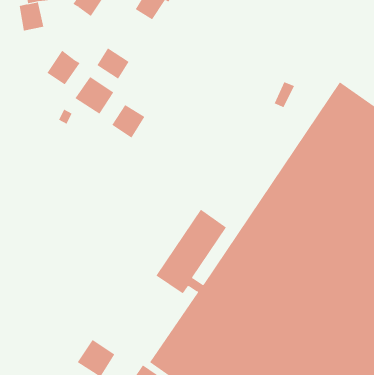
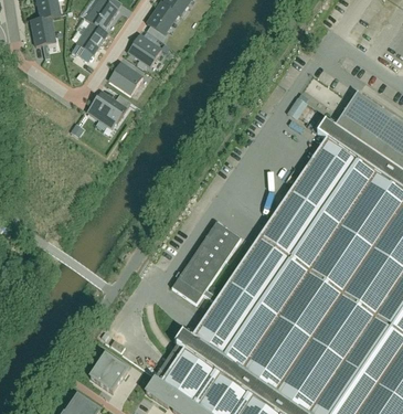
building: none -> [128,31,161,63]
building: [46,50,80,85] -> [75,18,109,53]
building: [111,104,145,138] -> none

